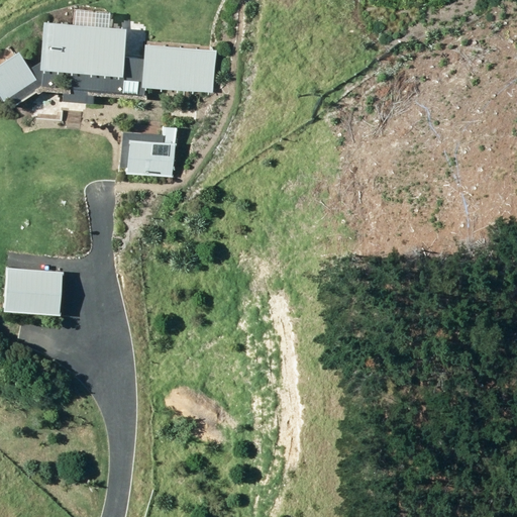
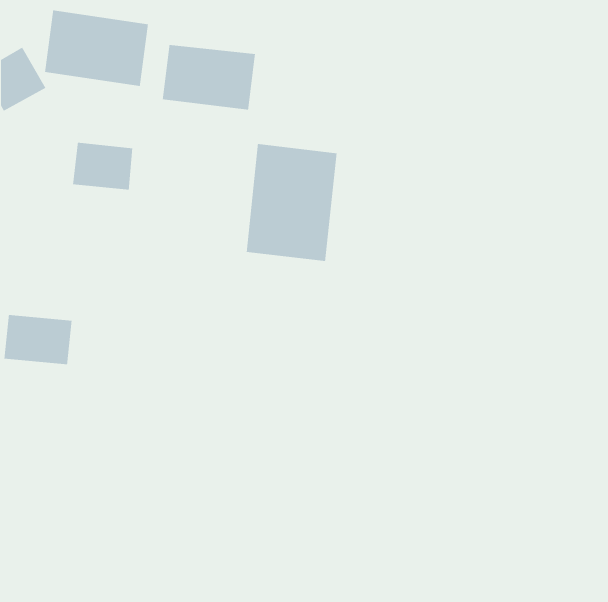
building: none -> [246,143,337,262]
building: [124,138,176,180] -> [72,142,133,191]

